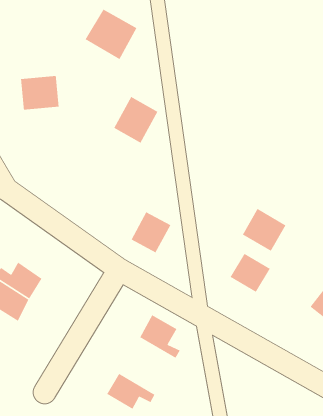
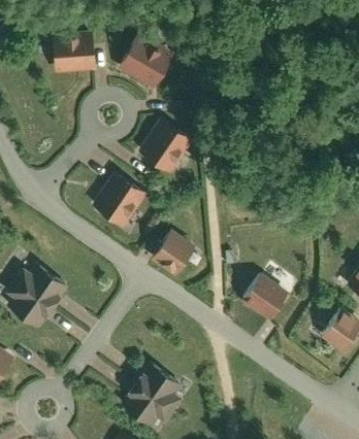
building: [20,75,60,110] -> [55,34,91,66]
building: none -> [95,176,141,224]
building: [242,208,287,252] -> none
building: [139,314,181,359] -> [134,364,173,408]

